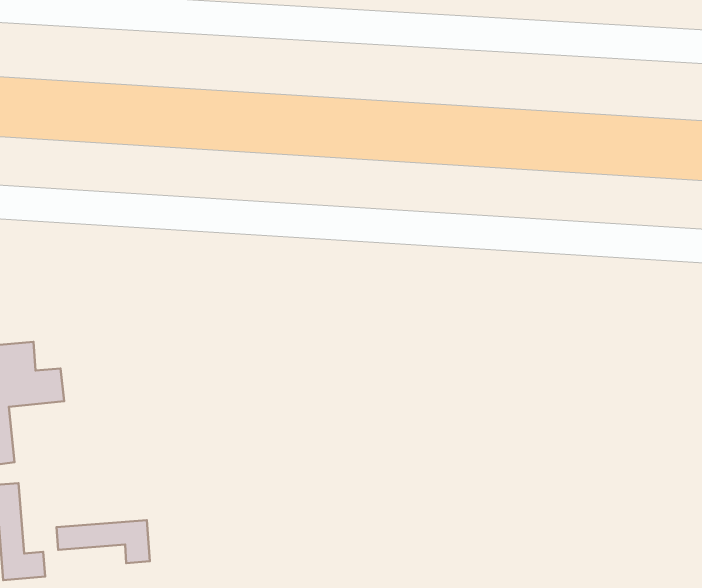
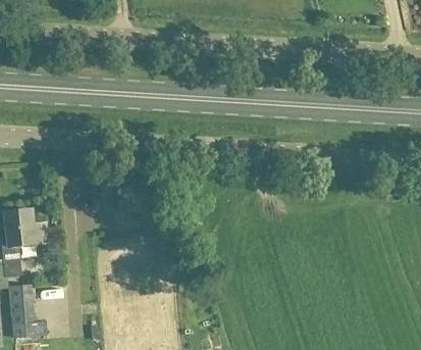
building: [56,520,150,563] -> none

